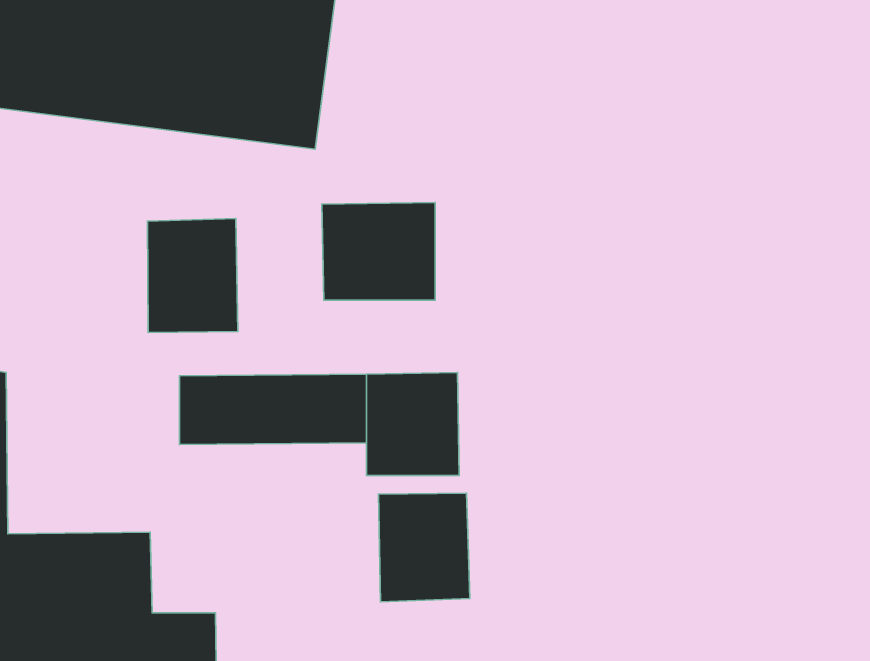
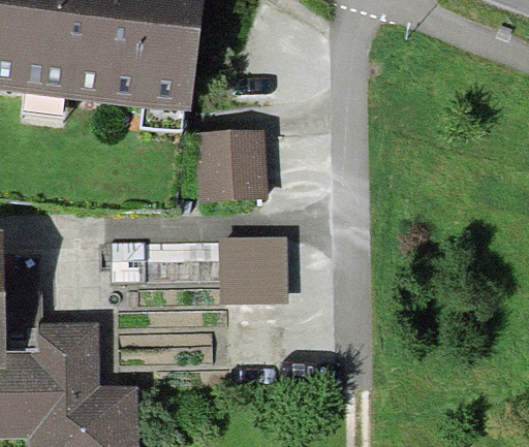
building: [147,218,238,332] -> none
building: [379,493,470,602] -> none

